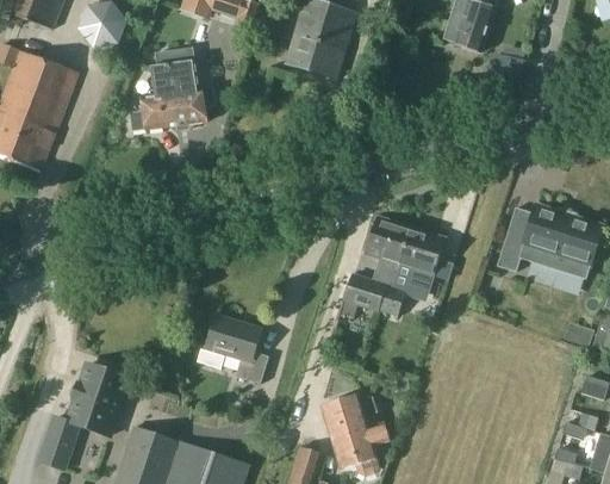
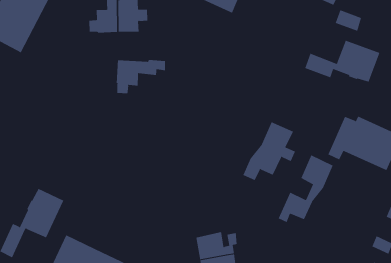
building: none -> [305,40,380,82]
building: none -> [116,59,166,94]
building: [340,216,411,318] -> [278,155,334,223]
building: [197,314,269,384] -> none

